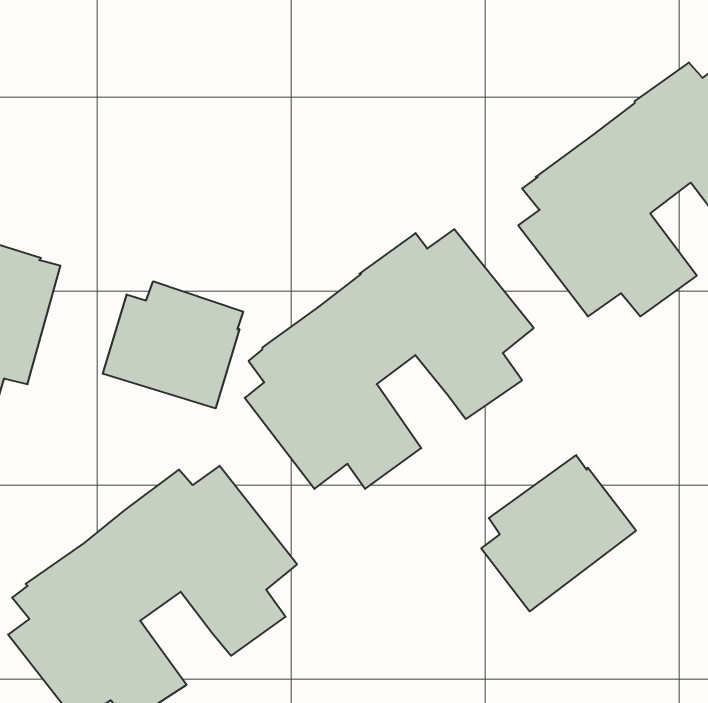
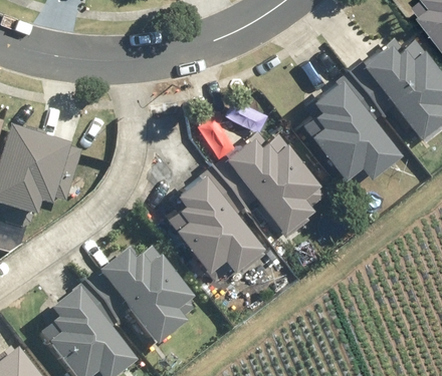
building: [103,281,243,408] -> none
building: [481,455,636,611] -> none

